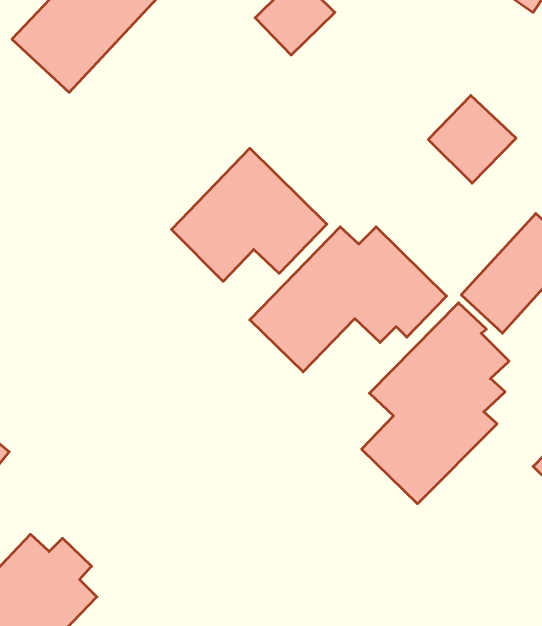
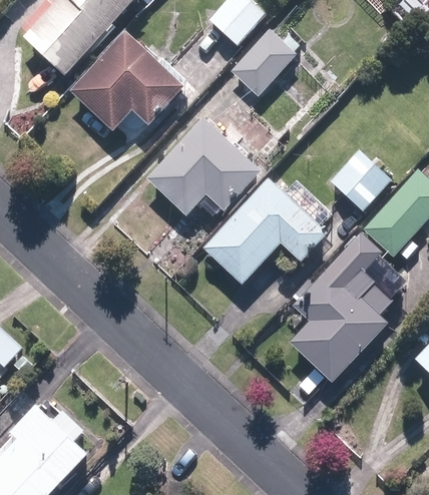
building: none -> [230,28,297,97]
building: none -> [68,30,184,132]
building: [428,95,516,183] -> [328,146,394,212]

